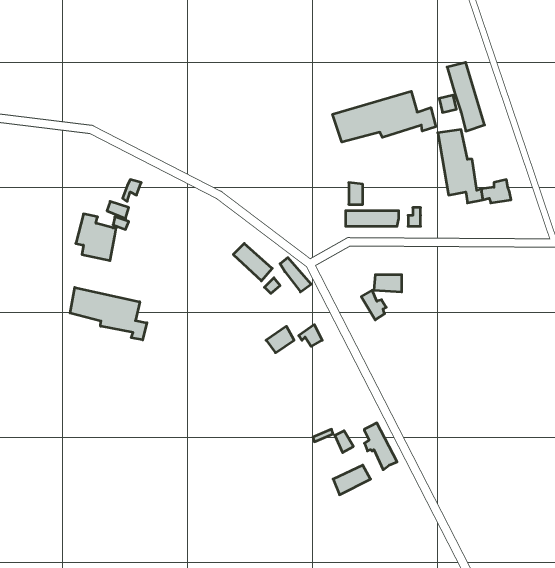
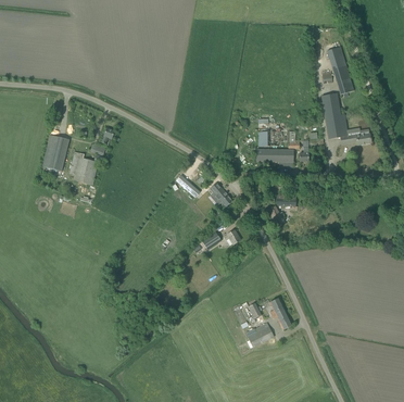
building: [333,91,436,142] -> none
building: none -> [42,135,70,172]
building: [70,287,147,340] -> none

